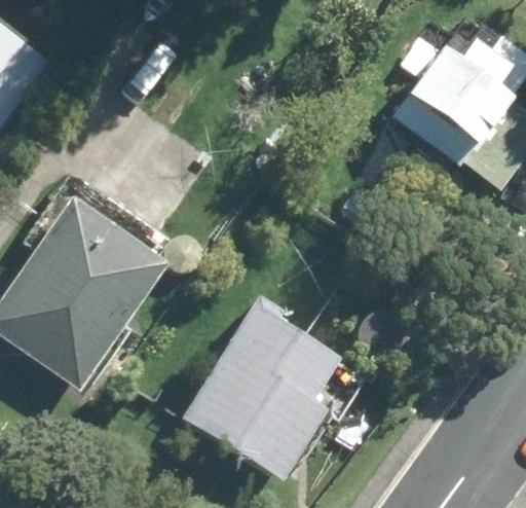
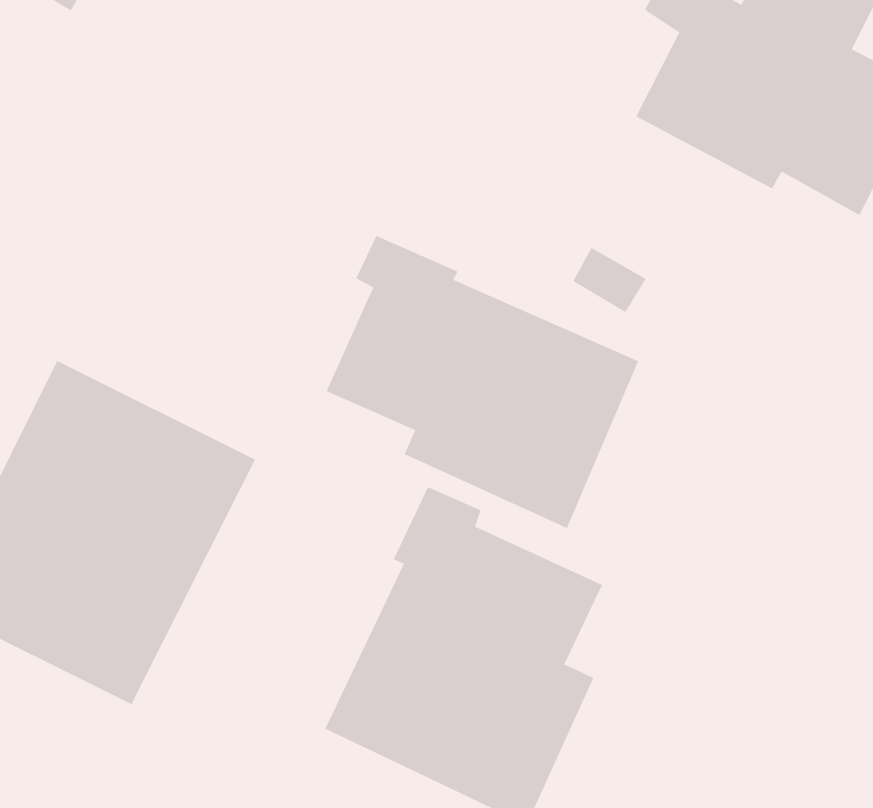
building: none -> [326,235,639,529]

